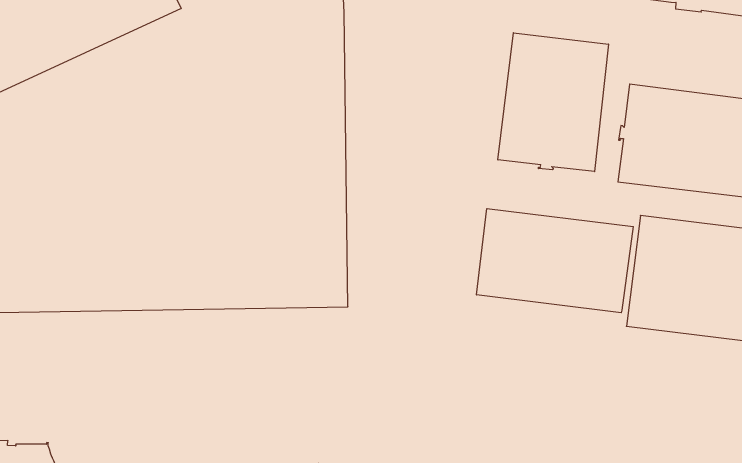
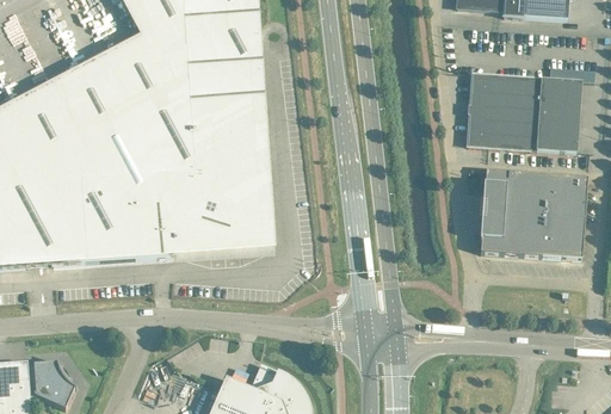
building: [498,33,608,172] -> none
building: [477,209,633,313] -> none

